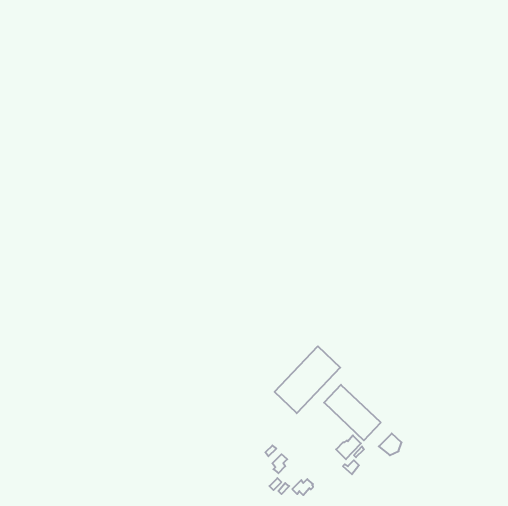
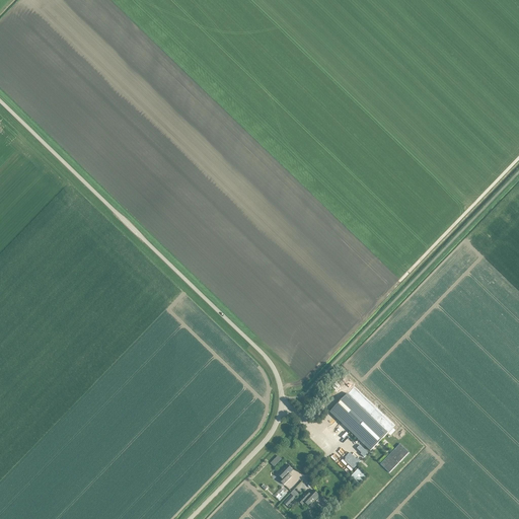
building: [275,346,340,413] -> none

